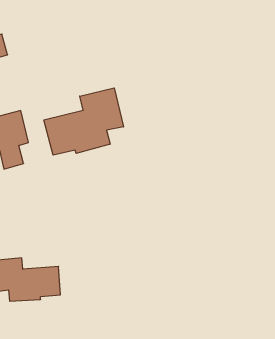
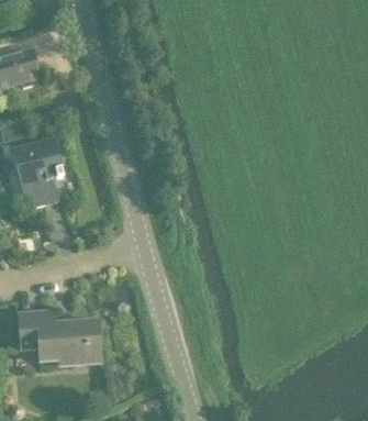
building: [44,88,123,155] -> none

